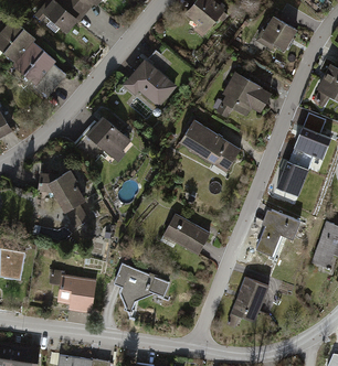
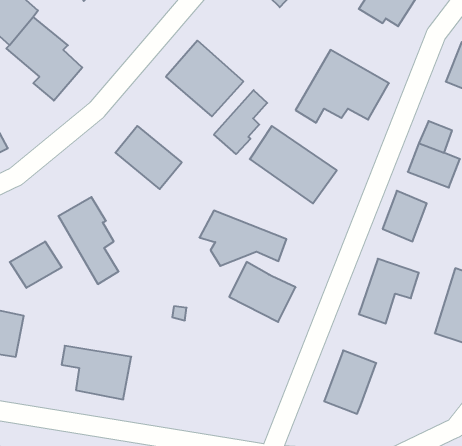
building: none -> [214,90,267,154]
building: none -> [10,241,62,288]
building: [115,263,176,302] -> [199,211,286,266]

